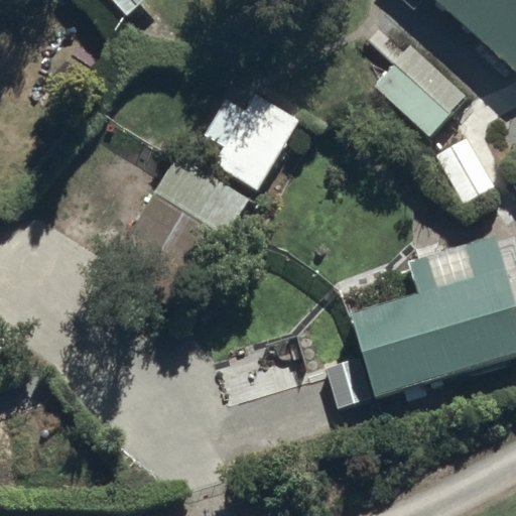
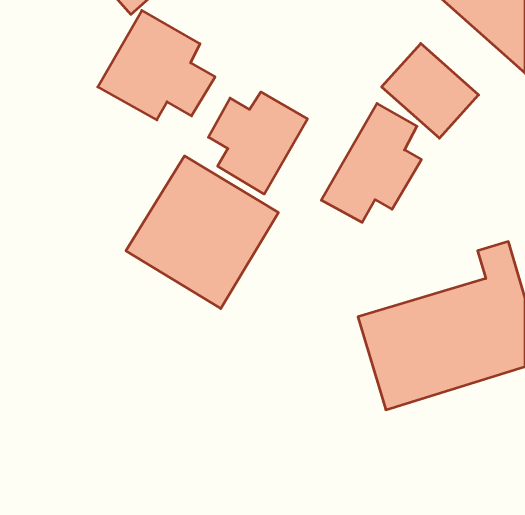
building: none -> [98,10,215,120]
building: none -> [321,103,421,222]

